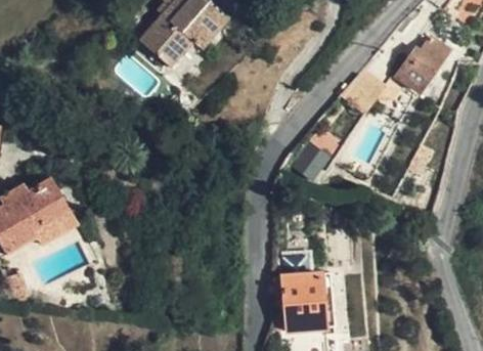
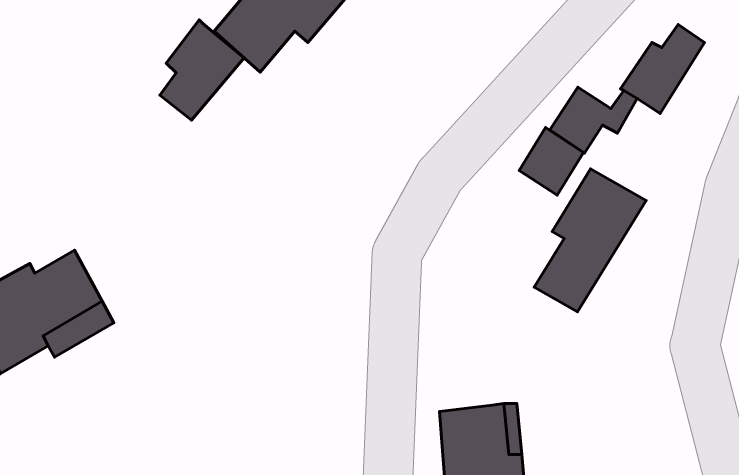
building: none -> [160,20,244,120]
building: none -> [534,169,646,312]
building: [291,139,331,181] -> [519,128,583,195]

